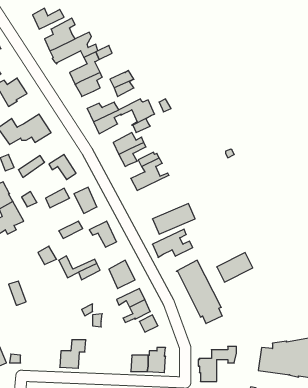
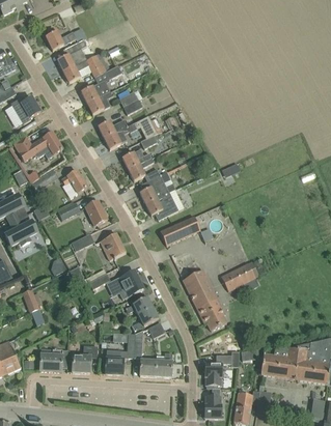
building: [152,229,193,257] -> [145,189,184,216]
building: none -> [105,333,135,374]
building: none -> [39,348,67,371]

